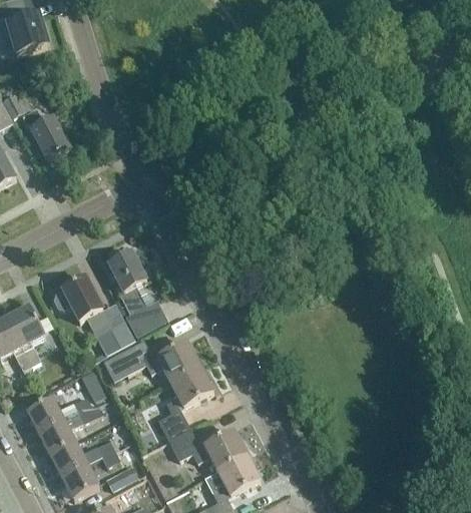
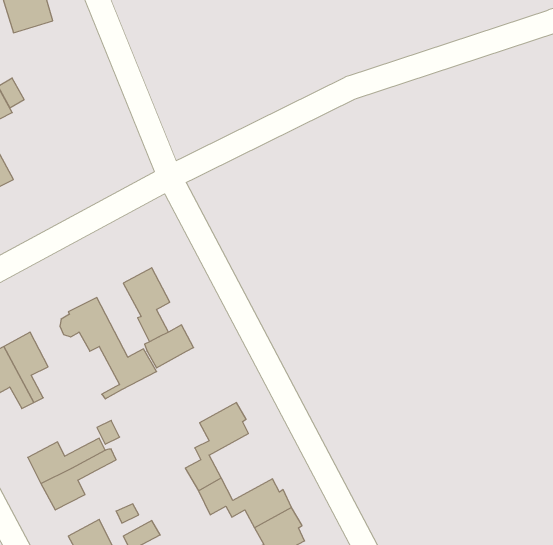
building: [20,107,69,159] -> none
building: [102,339,201,381] -> none
building: [49,441,86,476] -> none

